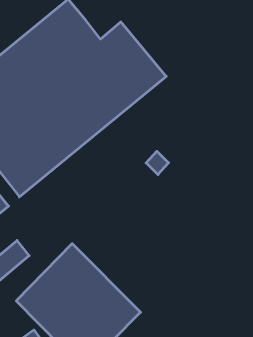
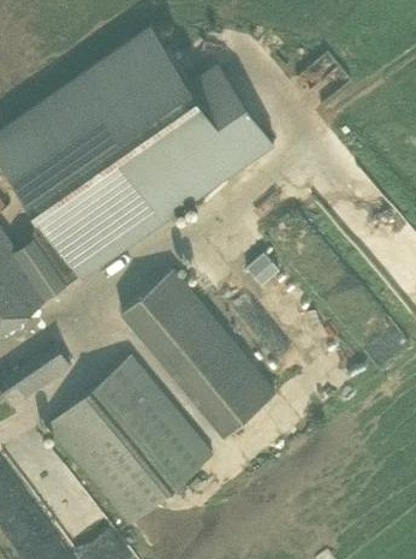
building: none -> [119,269,277,436]

